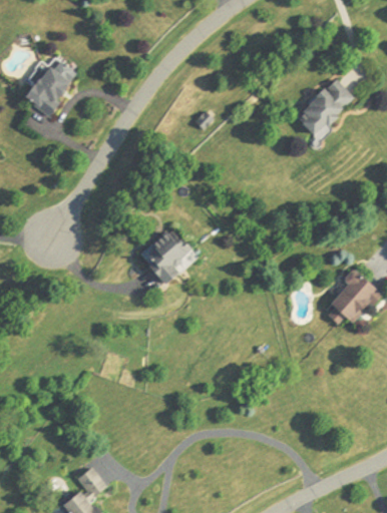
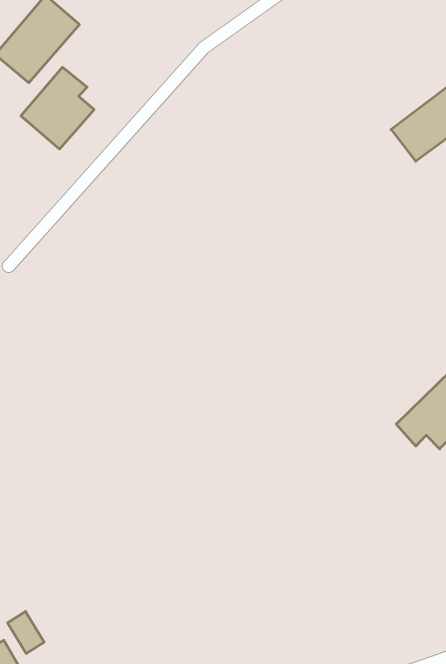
building: none -> [21,67,94,149]
building: [138,226,198,285] -> none

